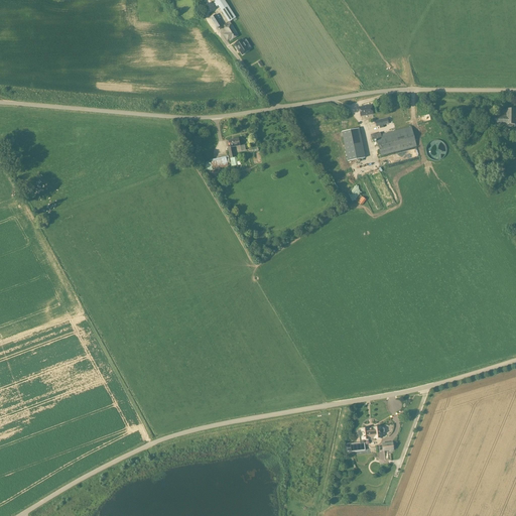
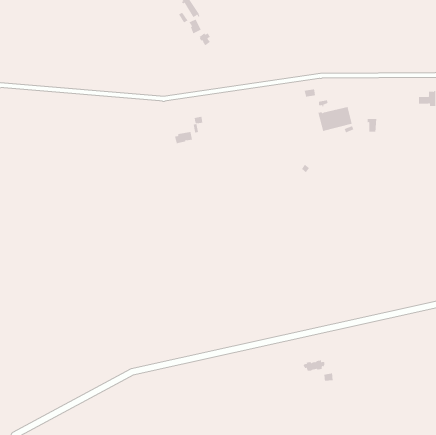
building: [342,127,365,160] -> none

